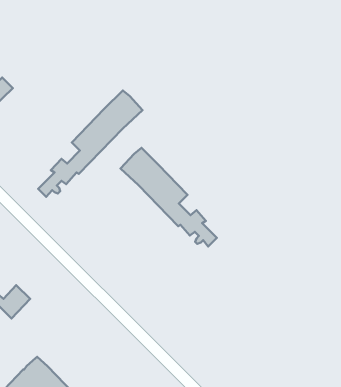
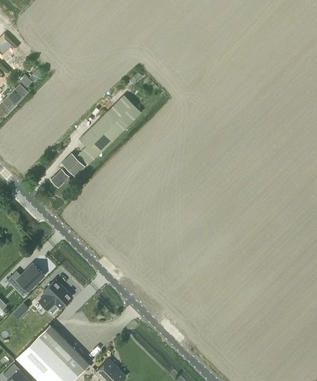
building: [121,148,217,246] -> none
building: none -> [39,280,72,310]

